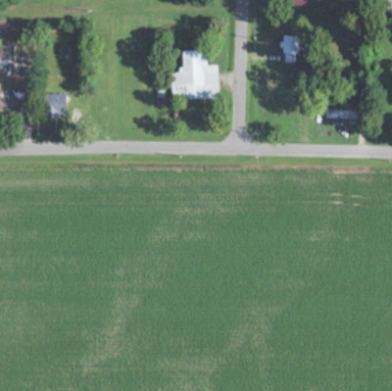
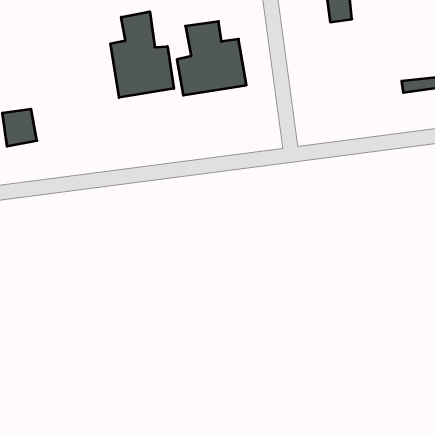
building: none -> [111,12,174,98]

